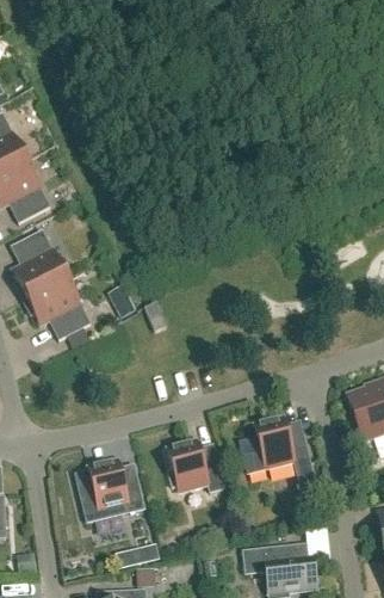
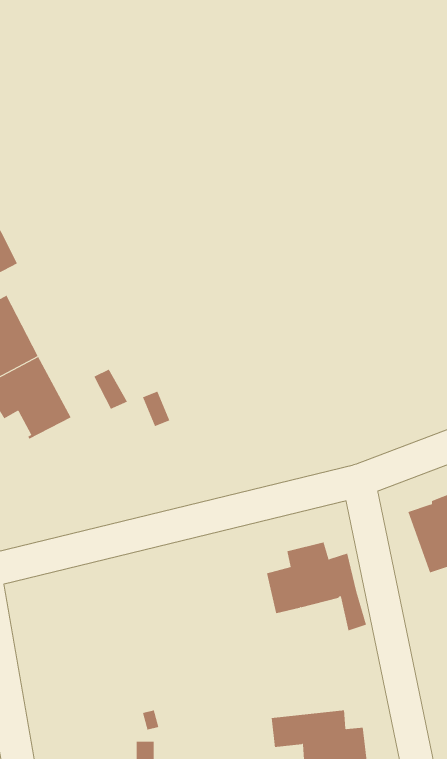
building: [167,440,224,491] -> none
building: [75,460,144,522] -> none

